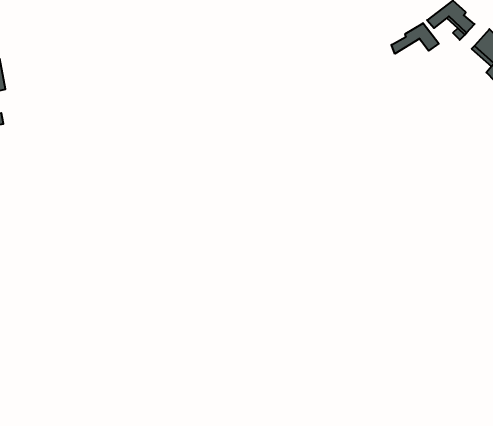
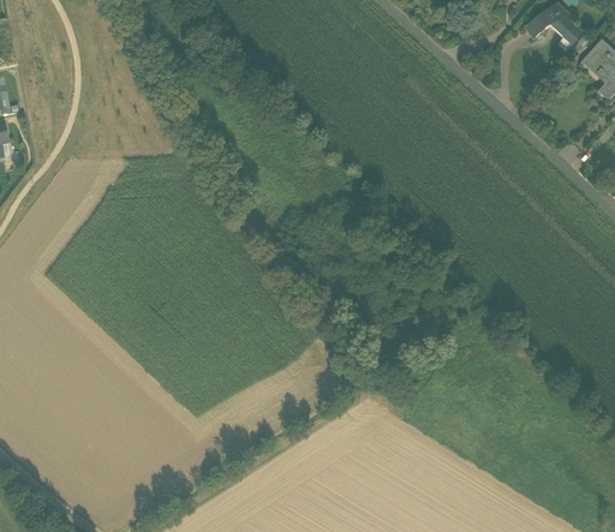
building: [391,23,439,54] -> none

